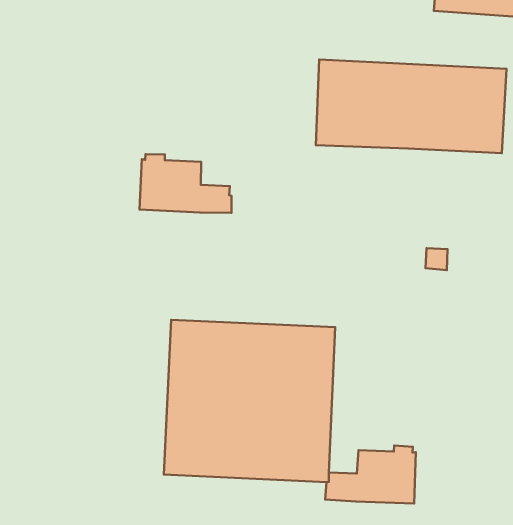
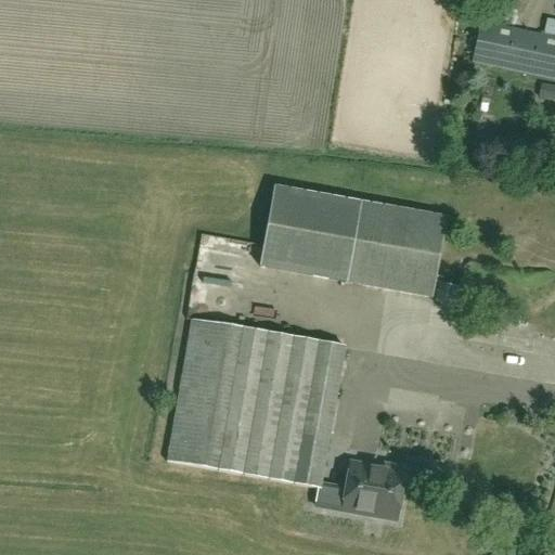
building: [316,60,506,153] -> [260,186,447,295]
building: [139,154,232,213] -> none

